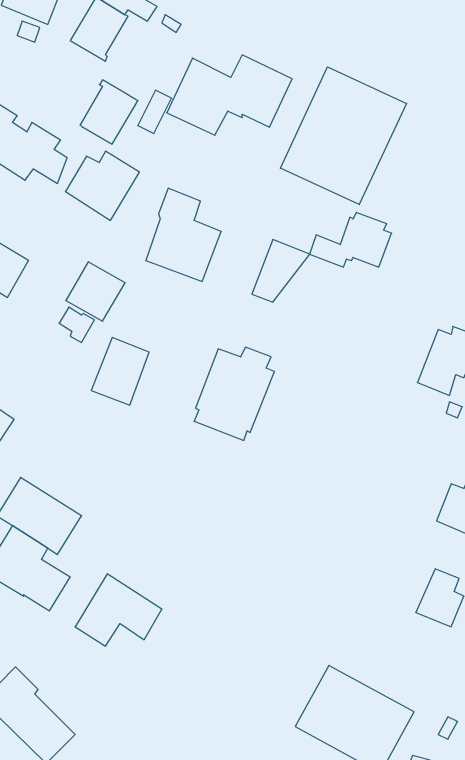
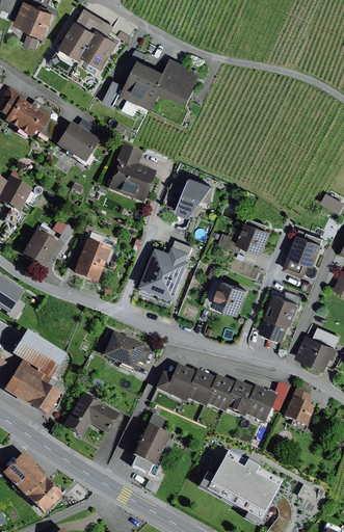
building: [280,67,407,205] -> none
building: [80,80,138,144] -> [82,27,120,69]
building: [310,212,392,267] -> [218,217,271,252]
building: [66,262,125,321] -> [21,230,59,268]
building: none -> [213,280,249,314]
building: none -> [259,292,300,341]
building: none -> [102,331,151,370]
building: none -> [154,363,275,422]
building: none -> [132,413,170,477]

